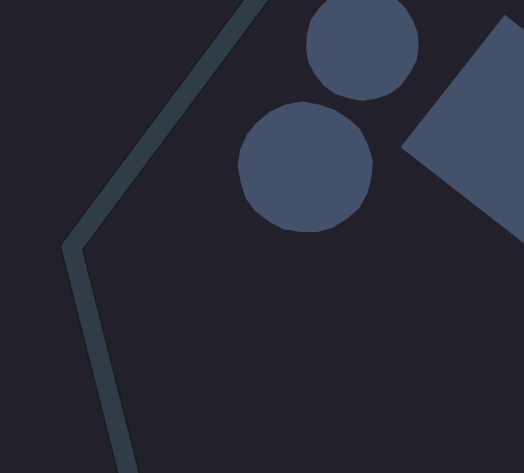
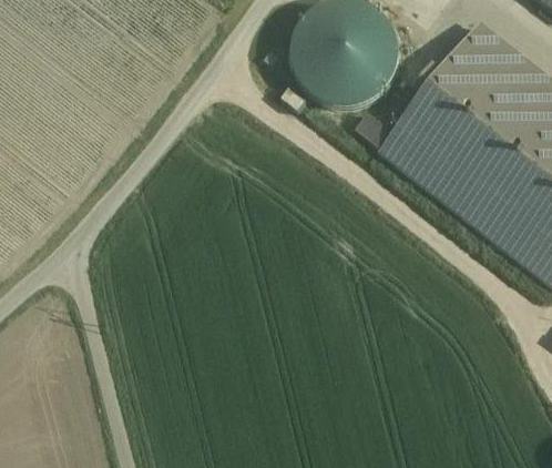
building: [237,101,373,233] -> none

